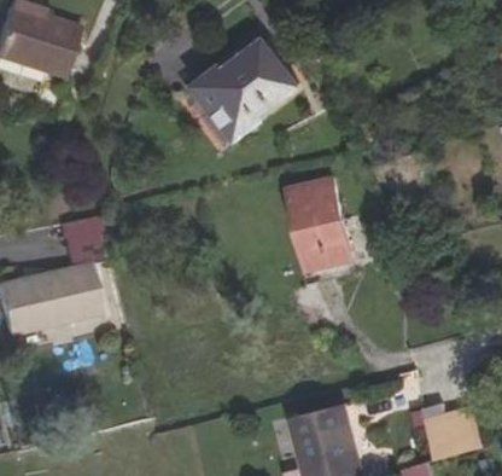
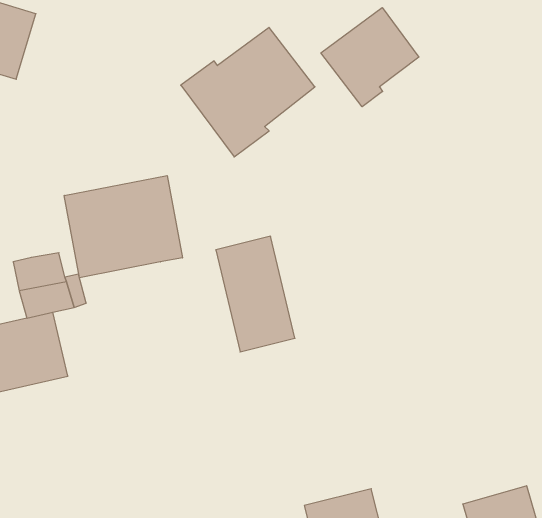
building: none -> [321,8,419,107]
building: none -> [64,176,182,278]
building: [288,178,351,269] -> [216,236,295,352]

